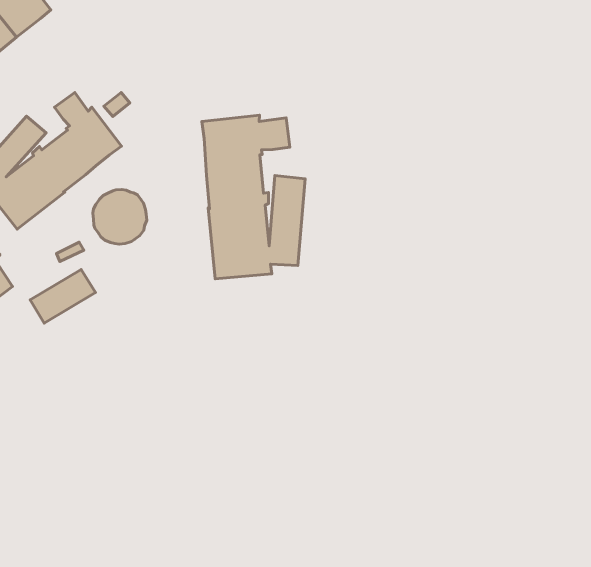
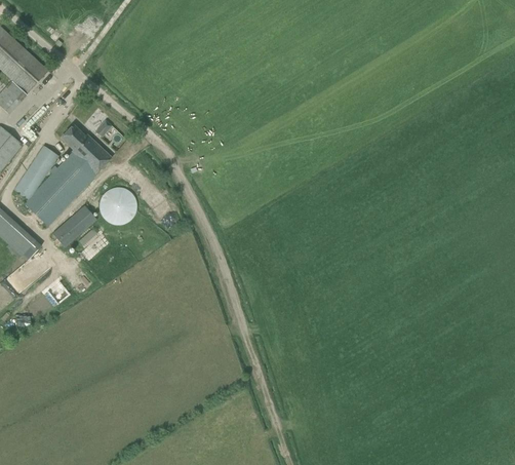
building: [202,115,305,279] -> none
building: [30,269,95,323] -> [52,205,96,246]

